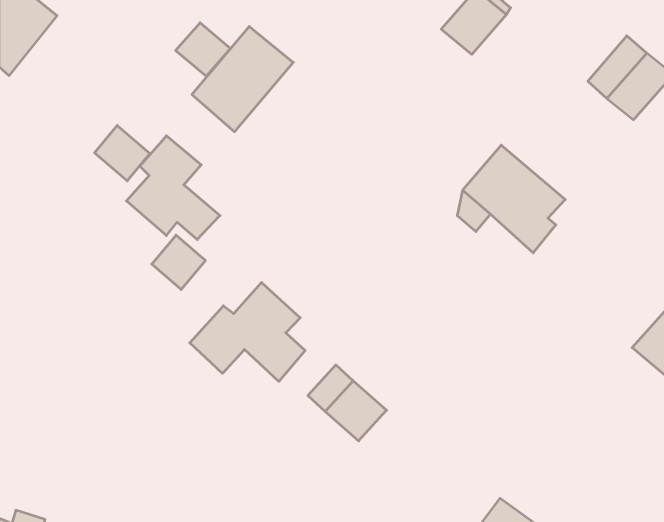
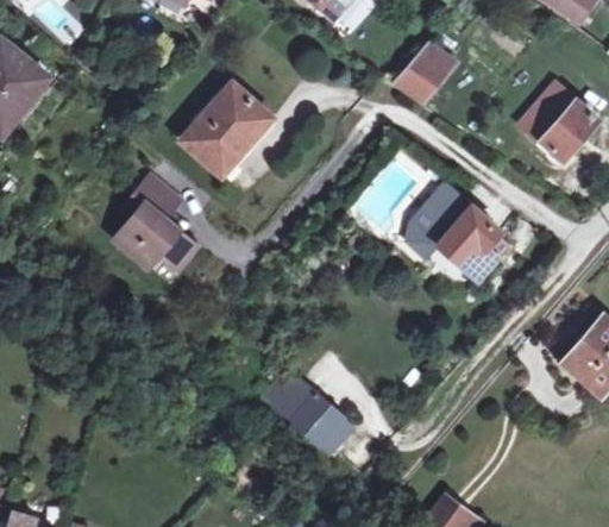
building: [176,23,231,76] -> none
building: [95,125,150,181] -> none
building: [152,235,205,290] -> none
building: [190,282,305,381] -> none

